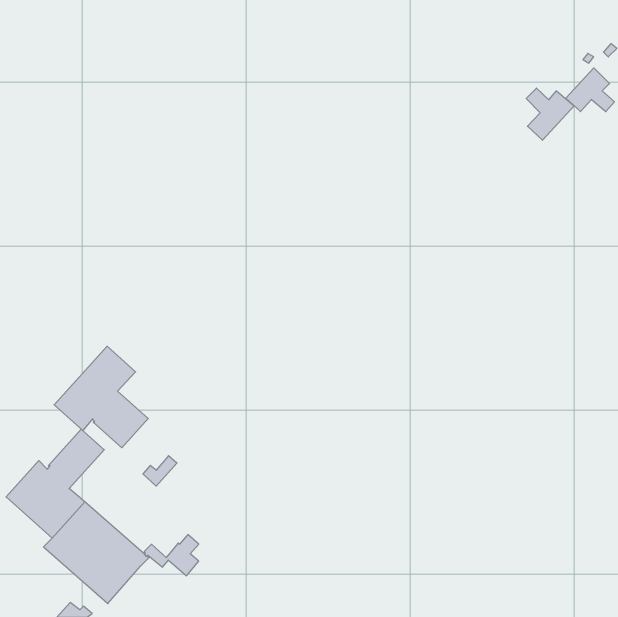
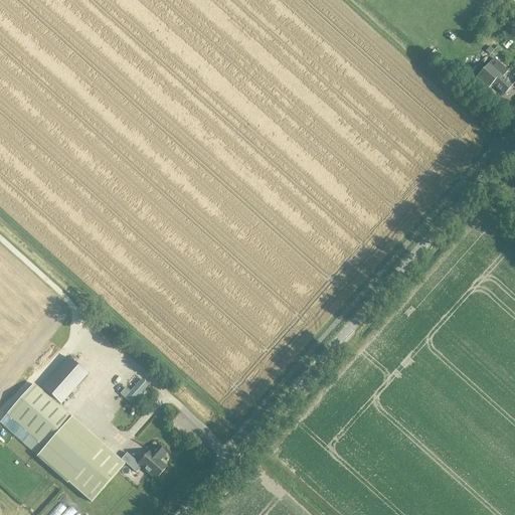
building: [526,88,574,140] -> none
building: [54,346,148,448] -> none

